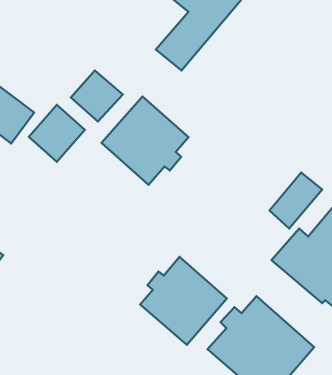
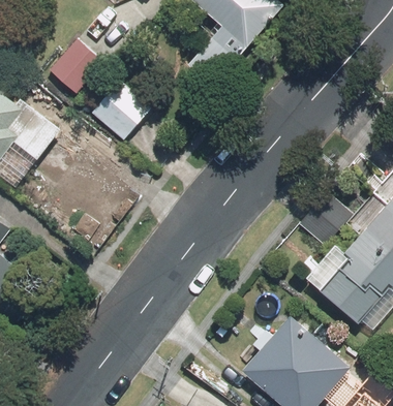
building: [102,97,189,185] -> none
building: [29,105,85,162] -> [50,37,108,96]
building: [140,257,227,345] -> none

